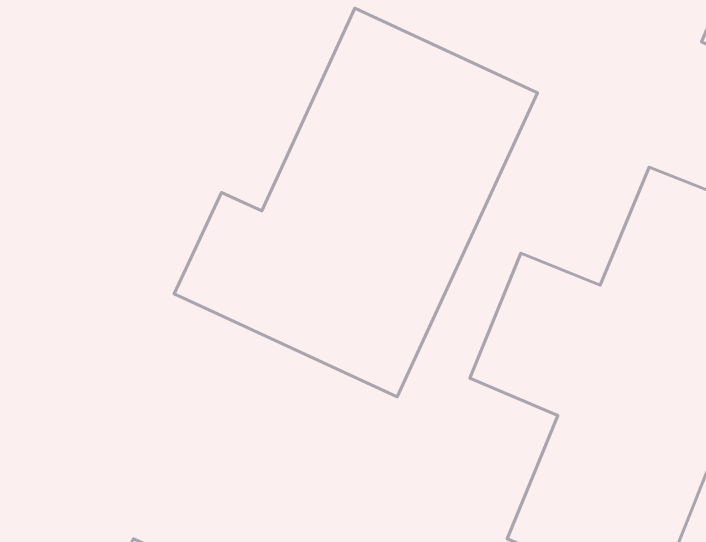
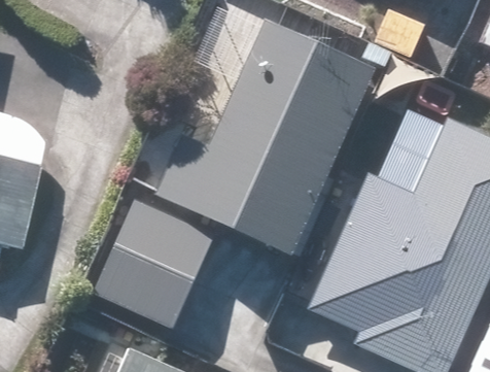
building: none -> [92,198,214,330]

